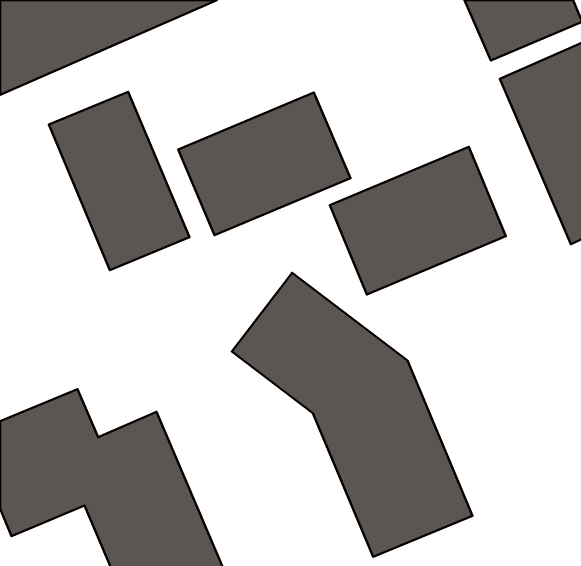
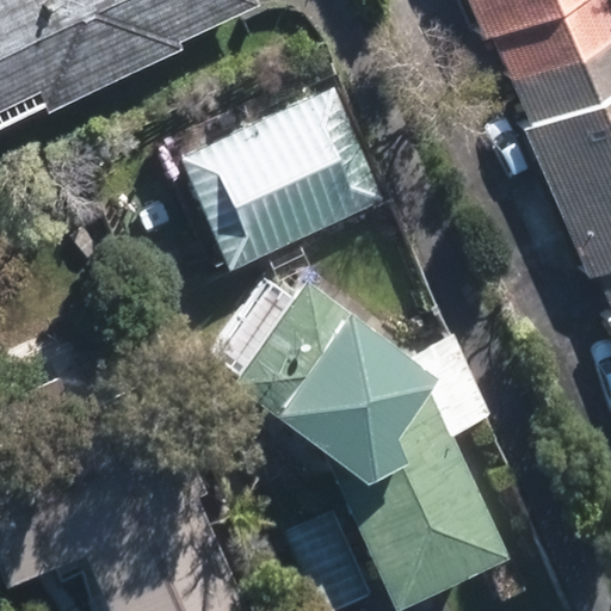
building: [49,92,189,270] -> none
building: [330,147,506,295] -> none

